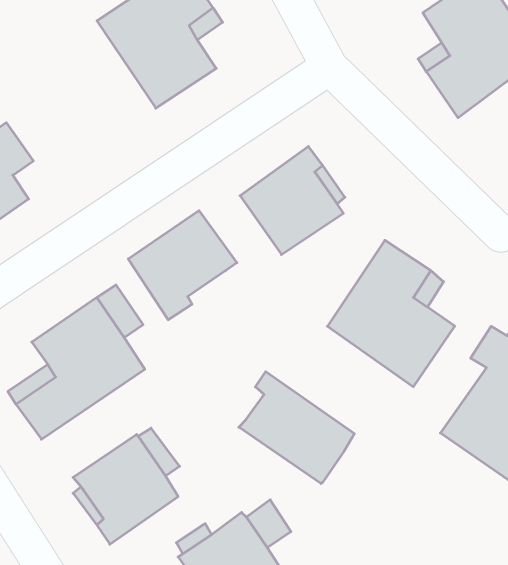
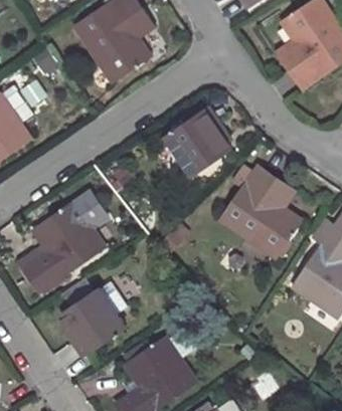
building: [128,211,237,320] -> none
building: [239,372,354,484] -> none

